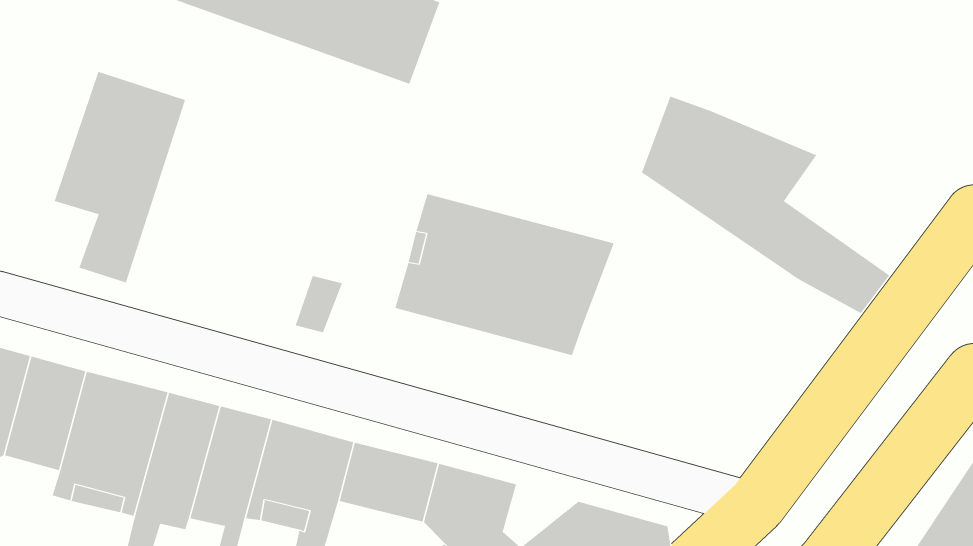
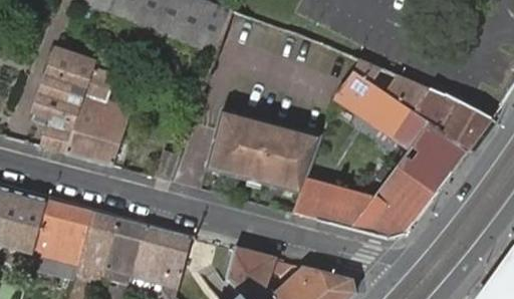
building: none -> [67,58,132,166]
building: none -> [413,87,491,151]
building: none -> [293,153,453,239]

